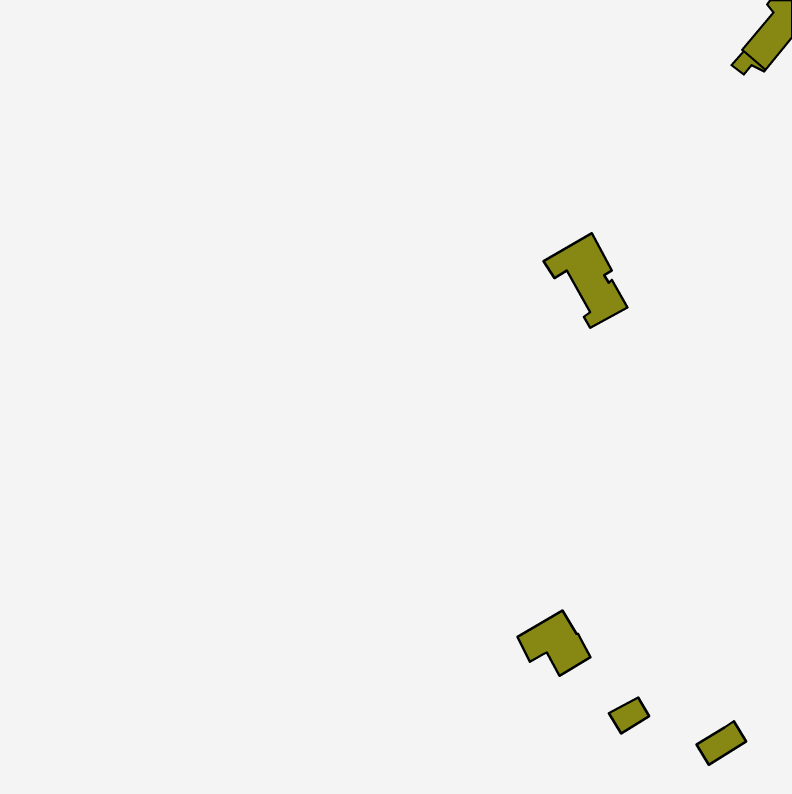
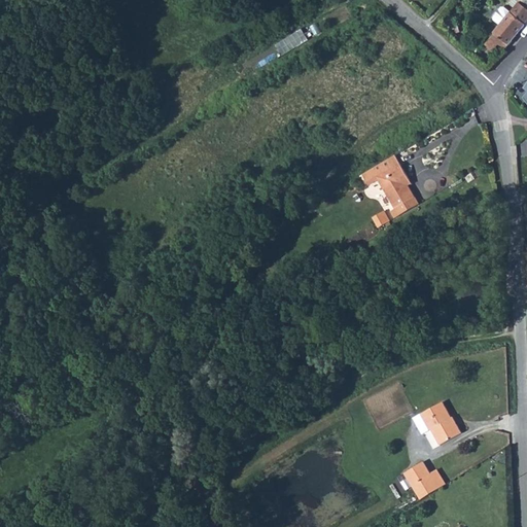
building: [517,610,590,676] -> [412,401,460,445]
building: [697,721,746,765] -> [412,470,445,499]

